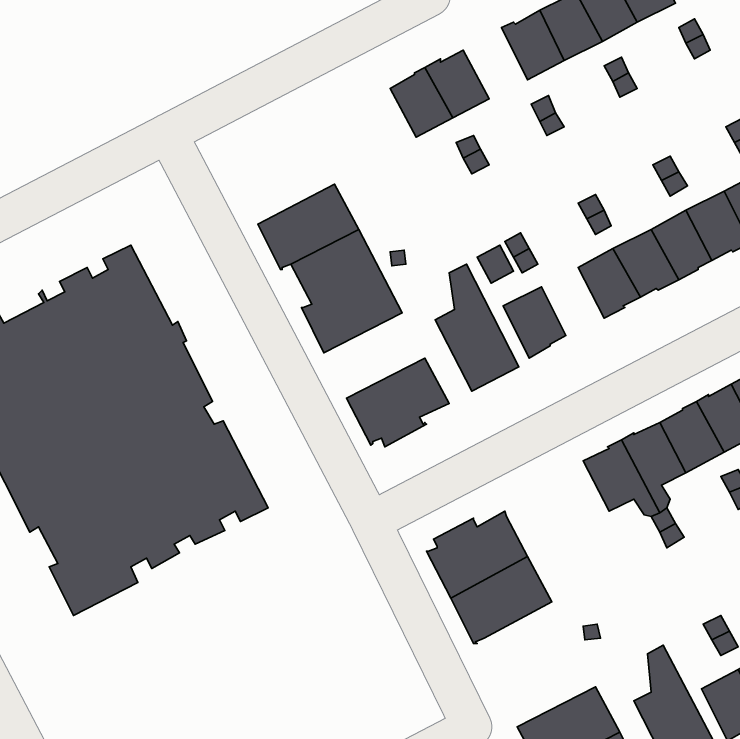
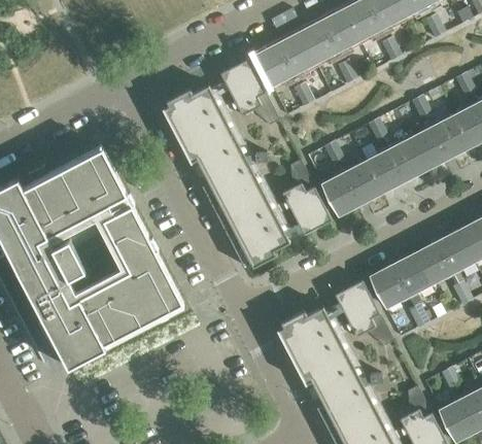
building: none -> [299,20,337,62]
building: none -> [220,59,279,125]
building: none -> [163,86,222,136]
building: none -> [345,162,382,202]
building: none -> [216,189,276,239]
building: none -> [335,280,394,346]
building: none -> [311,360,377,434]

